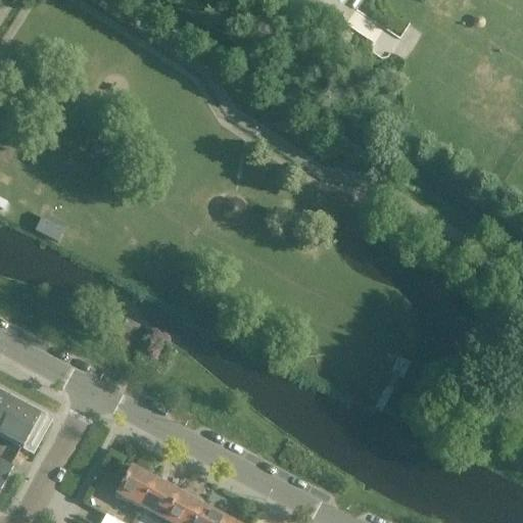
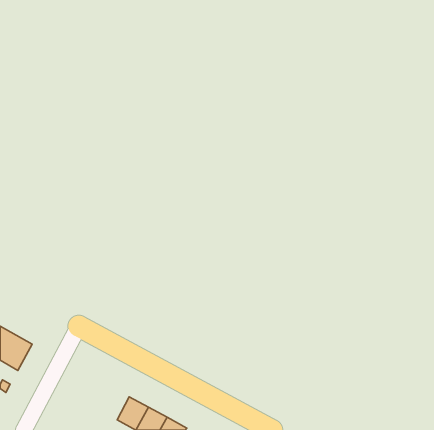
building: [104,464,155,505] -> none

